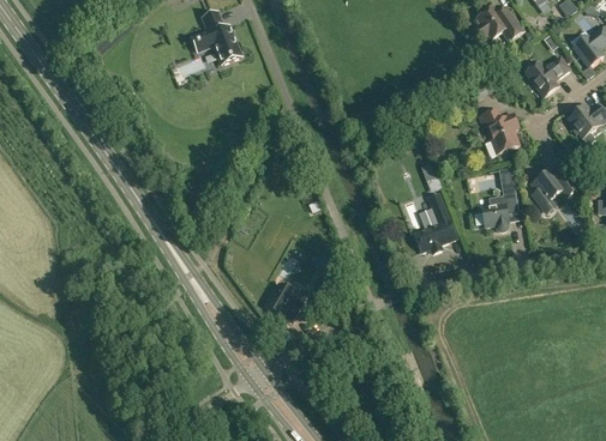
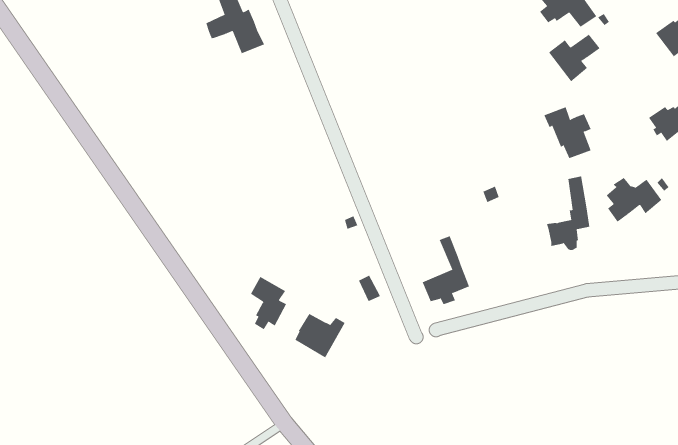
building: [524,56,569,97] -> [548,34,600,82]
building: [414,194,455,253] -> [422,235,470,305]
building: none -> [250,276,287,330]

